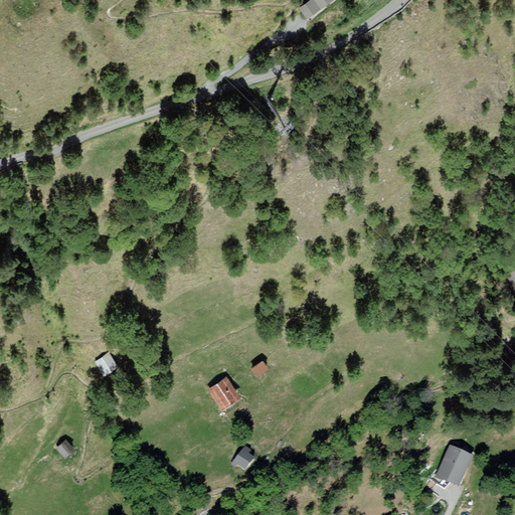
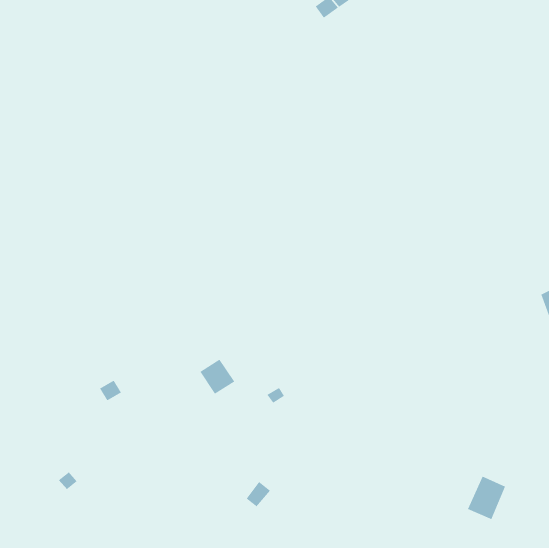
building: [207,377,240,410] -> [200,359,235,394]

